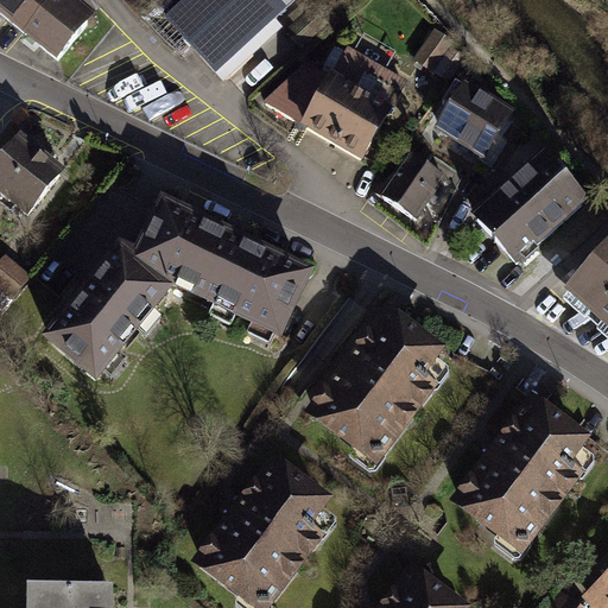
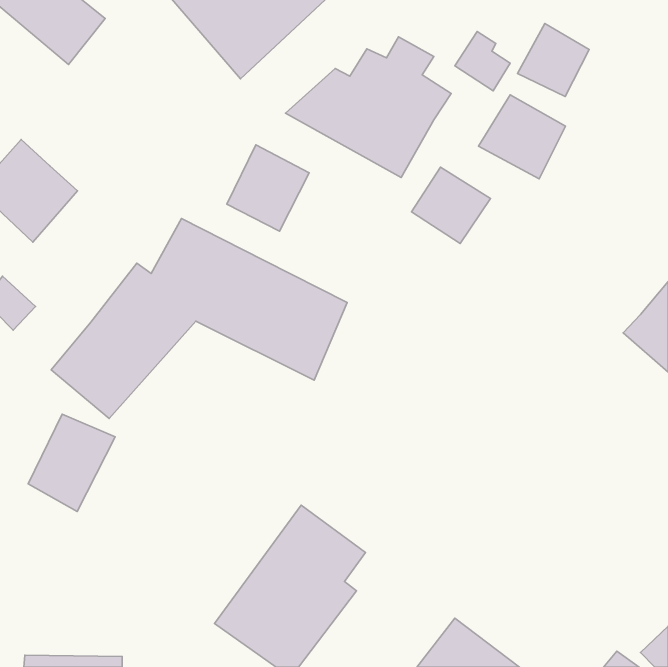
building: none -> [518,23,589,96]
building: none -> [227,145,309,231]
building: [468,156,589,274] -> none
building: [306,300,444,460] -> none
building: none -> [28,414,115,511]
building: [450,384,593,546] -> none

